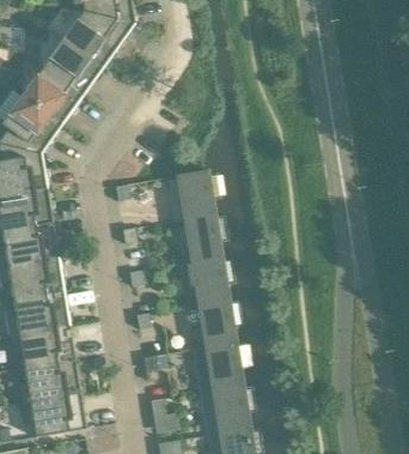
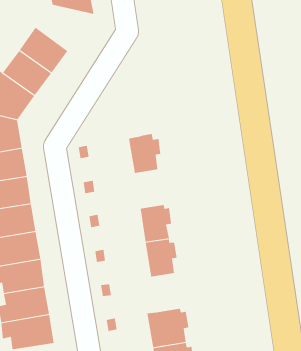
building: [63,10,136,67] -> none
building: [185,213,226,261] -> none
building: [194,341,246,391] -> none

